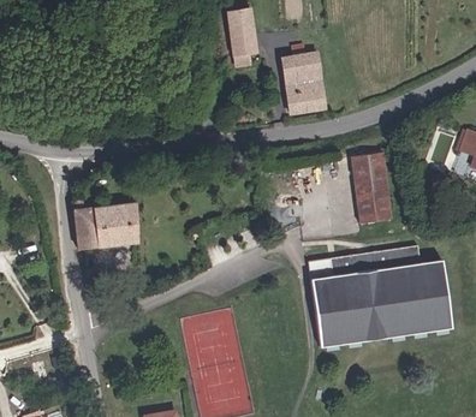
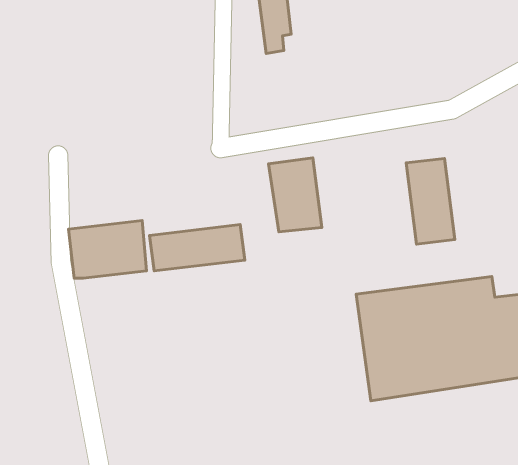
building: [285,52,328,112] -> [269,158,322,232]
building: none -> [149,225,245,271]

